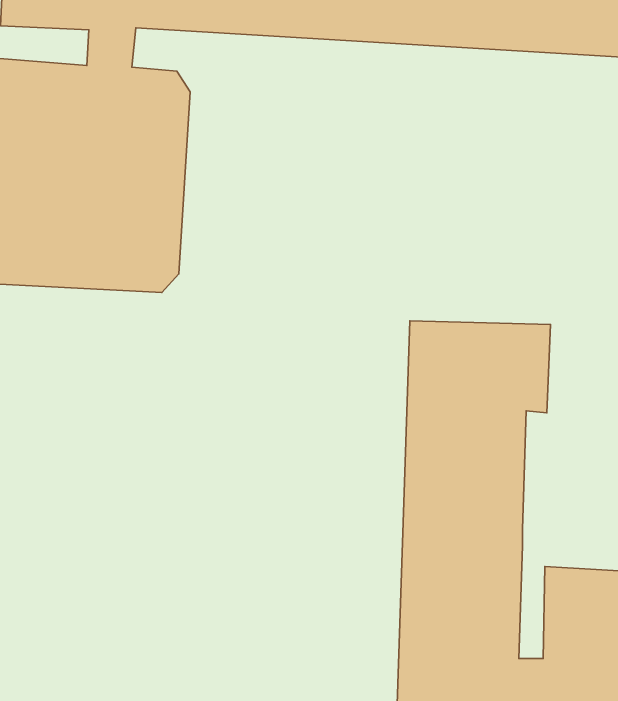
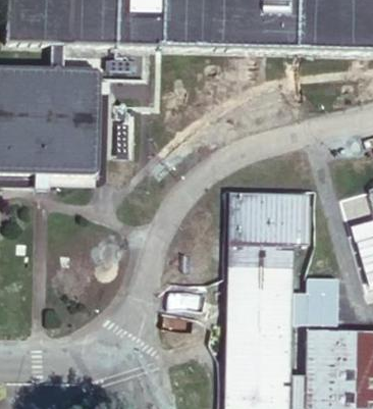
building: none -> [291,279,338,326]

